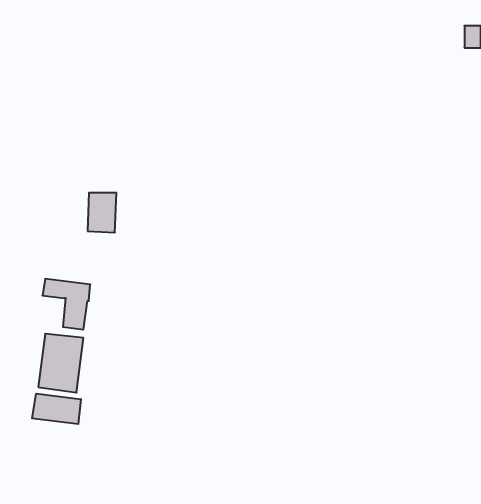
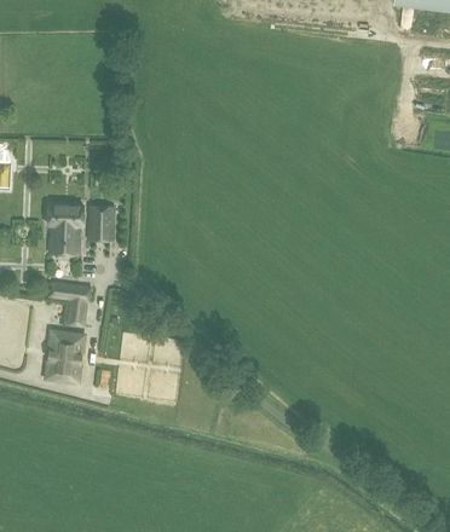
building: none -> [48,203,83,253]
building: [32,394,81,424] -> none

